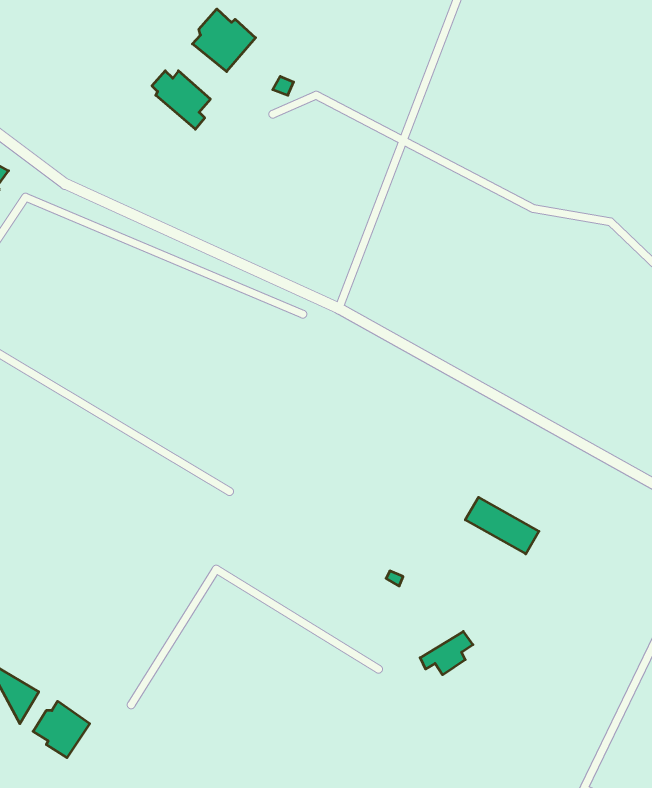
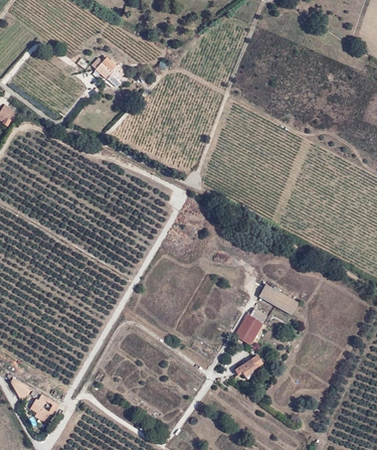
building: [192,9,256,72] -> none
building: none -> [233,307,266,344]

